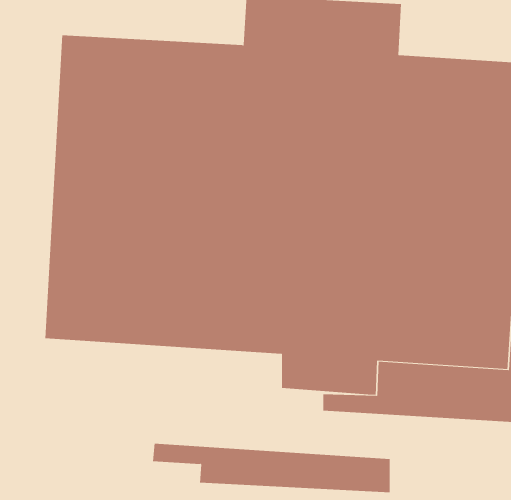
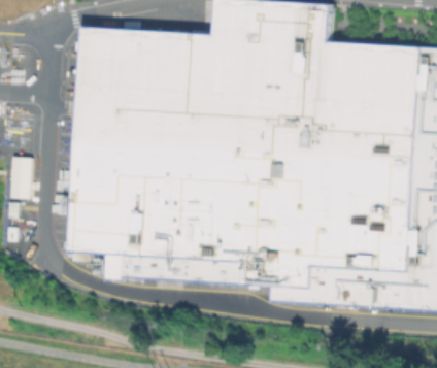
building: [152,443,391,493] -> [73,248,246,285]

